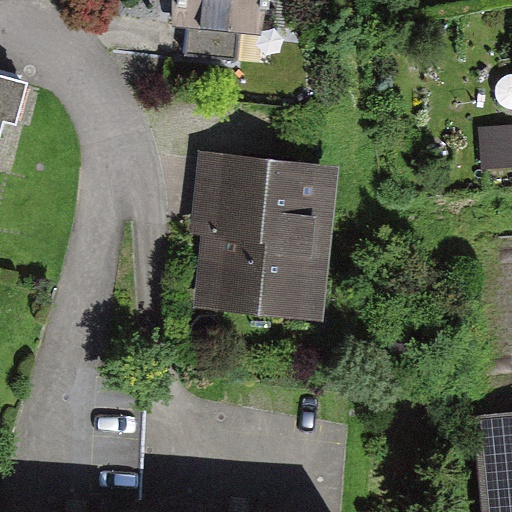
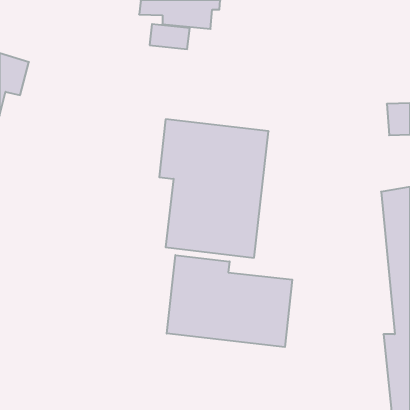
building: none -> [167,255,292,347]

